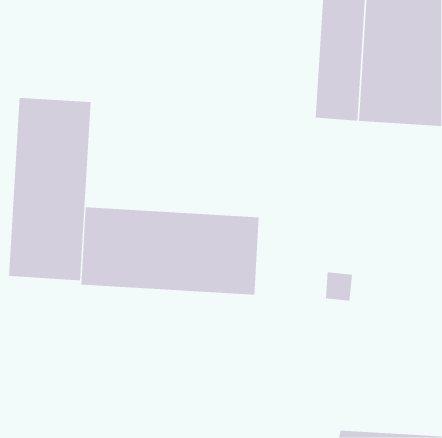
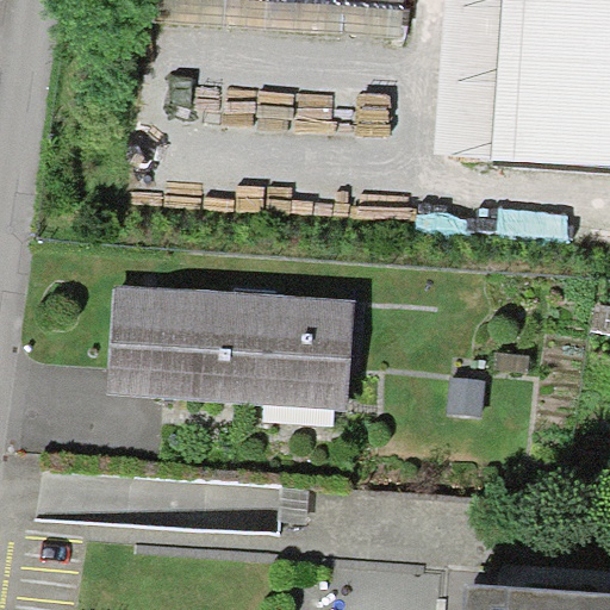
building: [9,97,91,281] -> none

